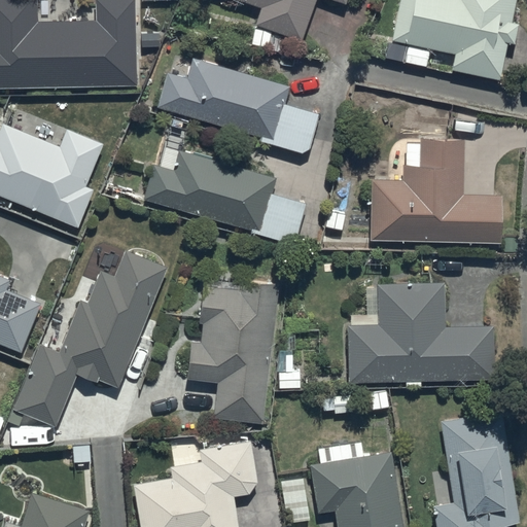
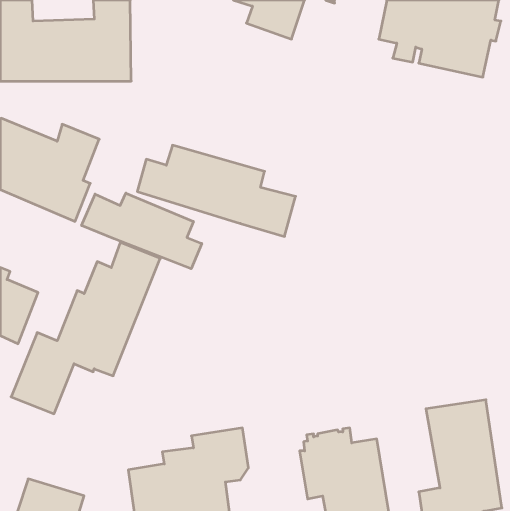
building: [155,58,319,153] -> none
building: [370,140,500,244] -> none
building: none -> [82,193,202,269]
building: [185,280,277,424] -> none
building: [348,284,494,387] -> none

